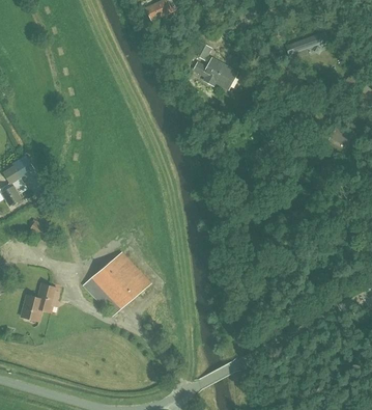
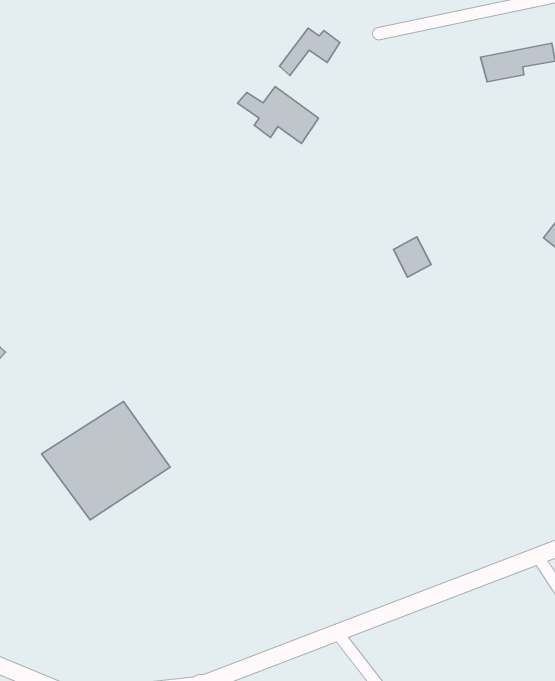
building: [193,58,236,86] -> [237,87,319,143]

